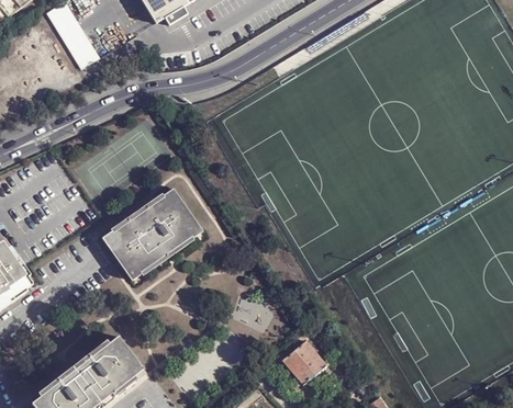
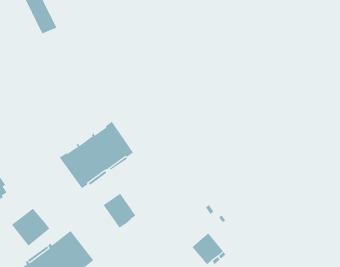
building: none -> [103,193,136,228]
building: none -> [11,208,50,246]

